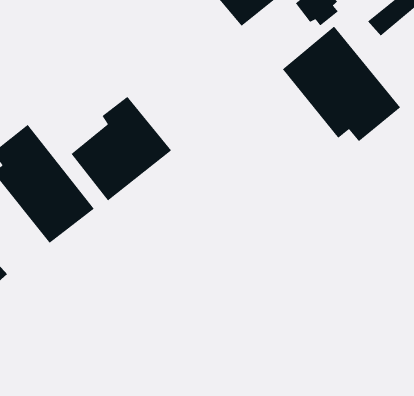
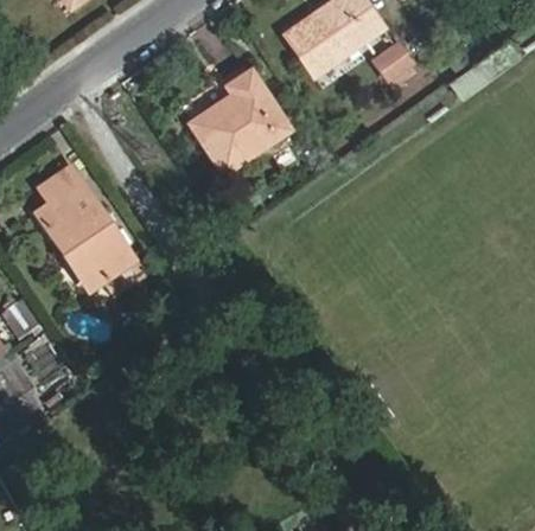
building: [282,26,401,142] -> none
building: [71,96,172,201] -> [184,66,293,178]

